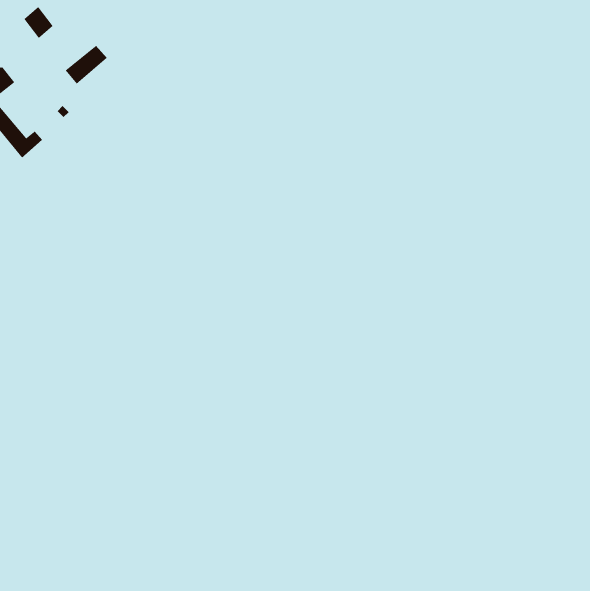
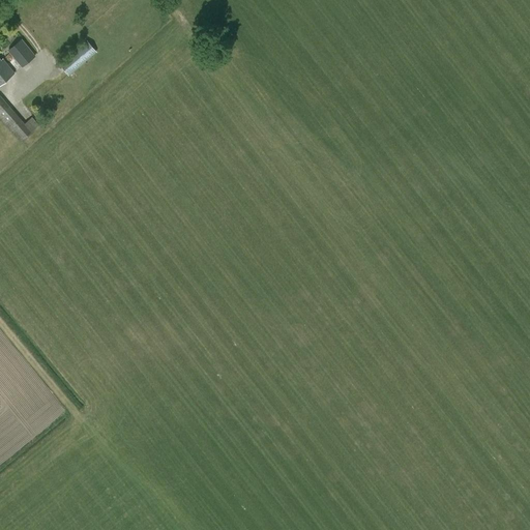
building: [24,6,54,39] -> [7,38,34,67]

